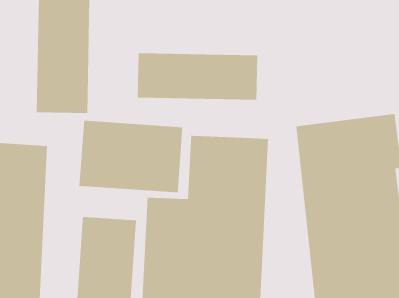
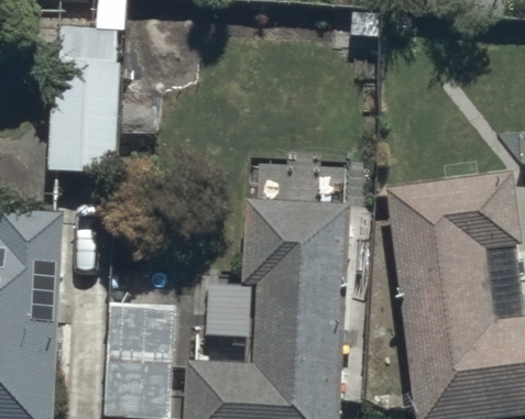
building: [137,52,258,100] -> none
building: [79,120,183,193] -> none

